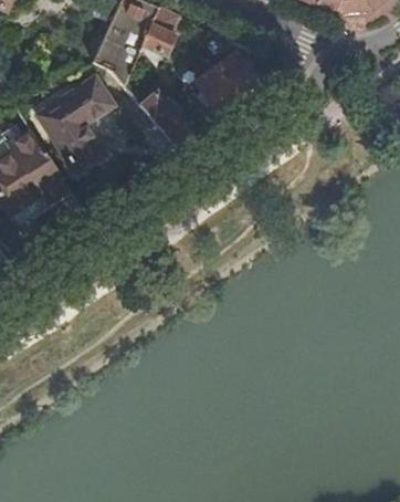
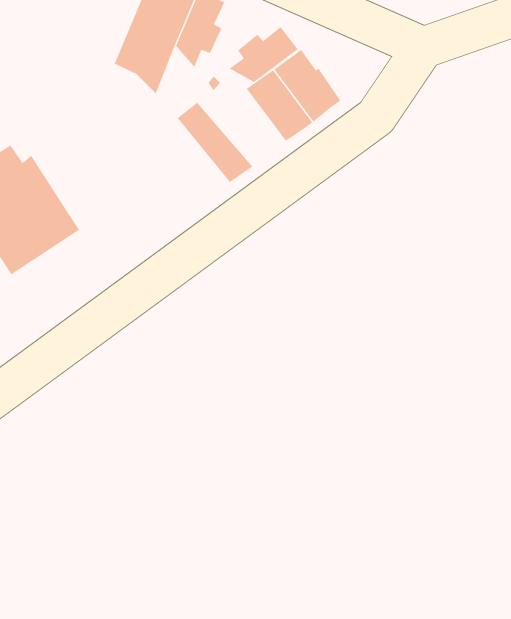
building: none -> [229,26,299,83]
building: [35,75,112,170] -> none

